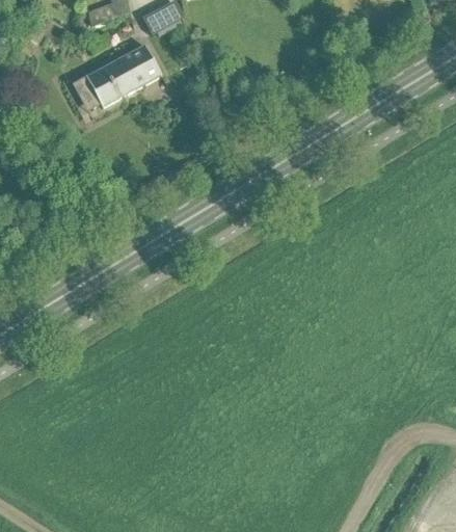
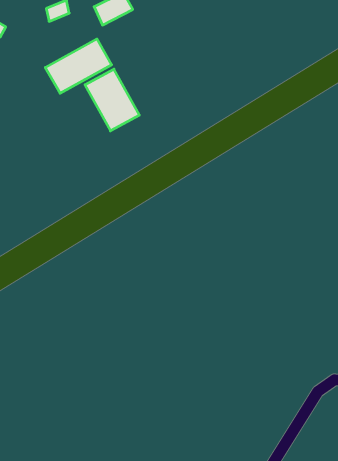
building: none -> [85,69,139,131]

